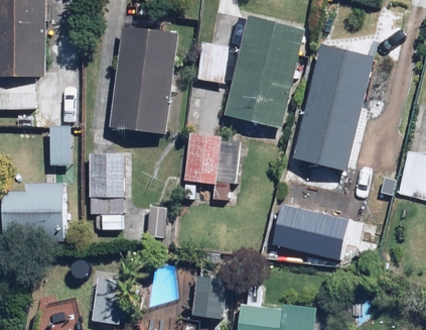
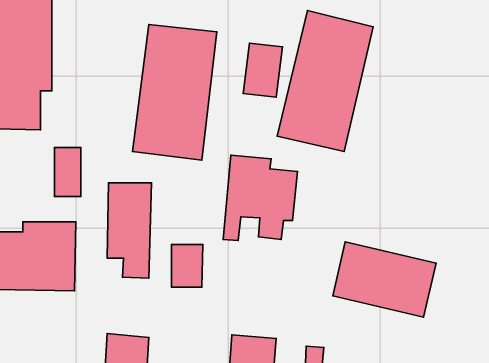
building: [292,43,373,170] -> none

